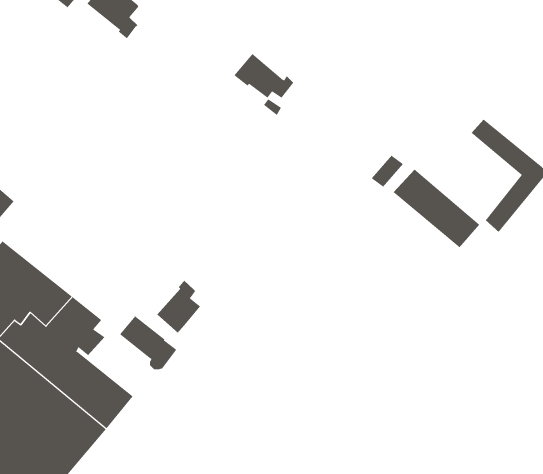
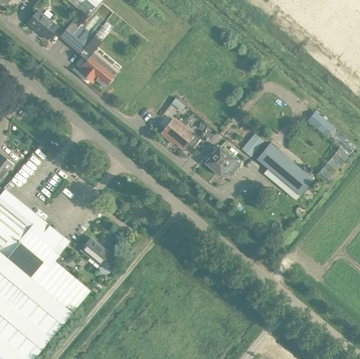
building: none -> [77,51,115,86]
building: [233,53,294,99] -> [159,119,198,148]
building: none -> [203,146,237,171]
building: [156,280,201,333] -> none

